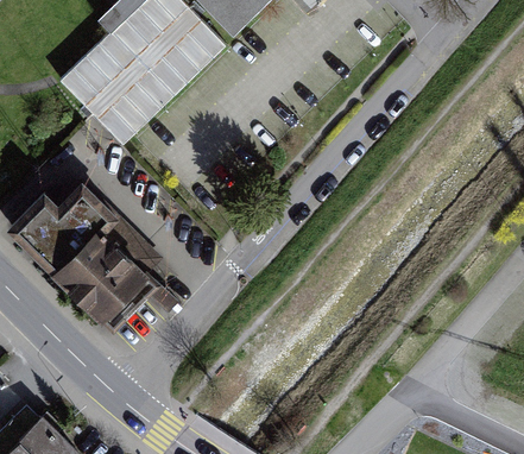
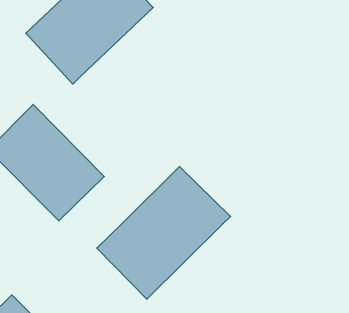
building: none -> [97,166,231,299]

